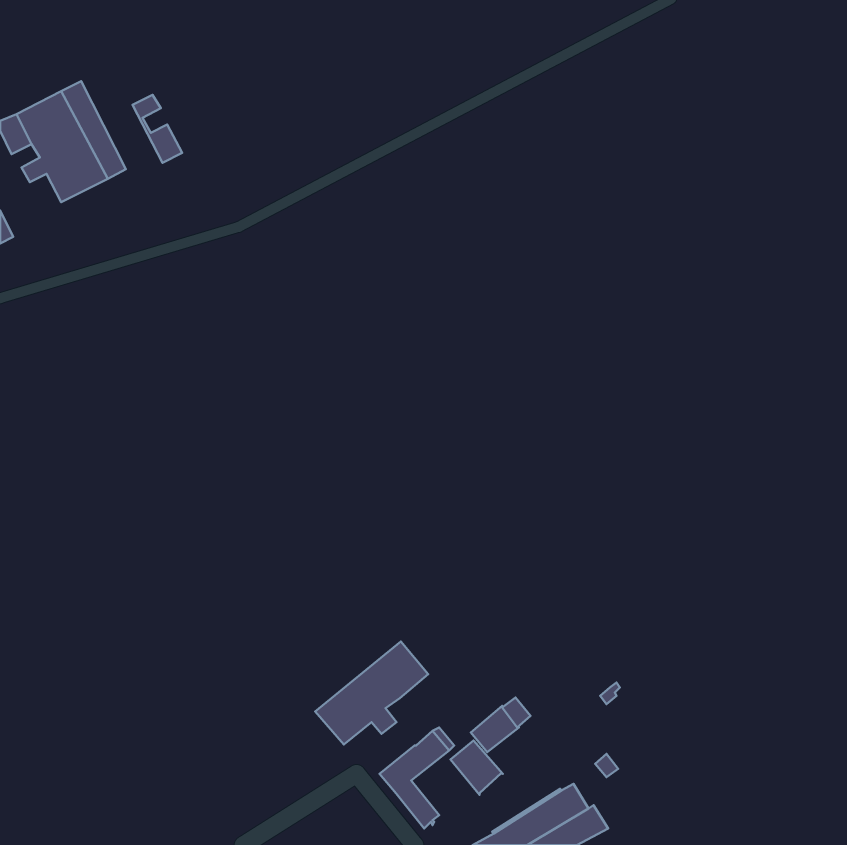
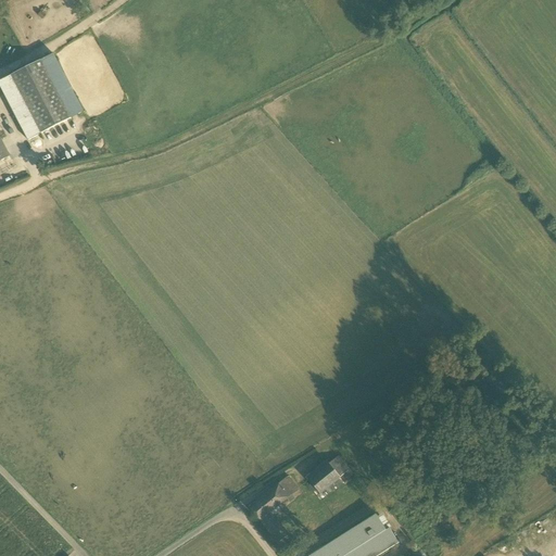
building: [133,95,182,163] -> [8,94,40,139]
building: [315,641,428,745] -> none
building: [450,740,503,795] -> none

